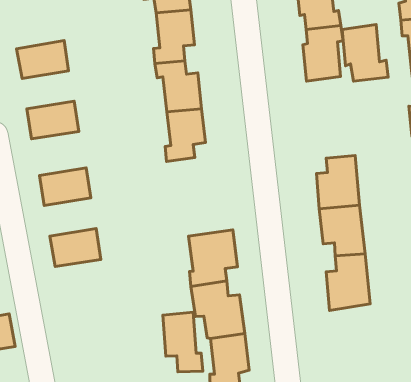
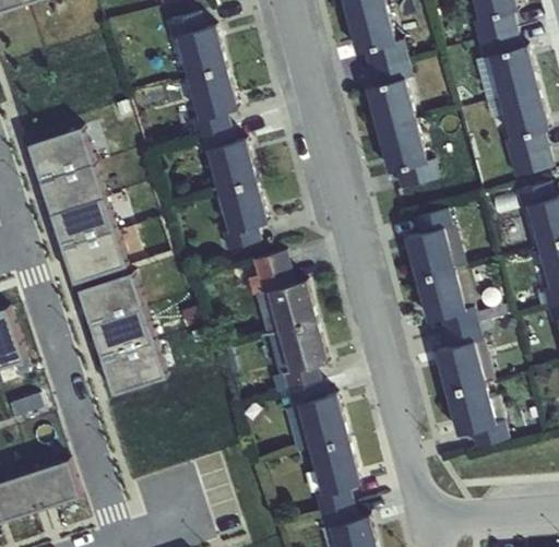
building: [342,24,388,81] -> [377,118,440,189]
building: none -> [40,160,106,213]
building: none -> [62,230,128,283]
building: none -> [246,251,317,334]
building: none -> [90,307,155,359]
building: none -> [445,381,507,447]
building: [163,312,203,372] -> none

